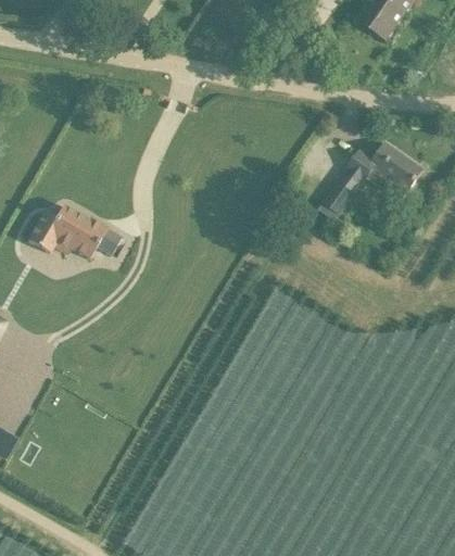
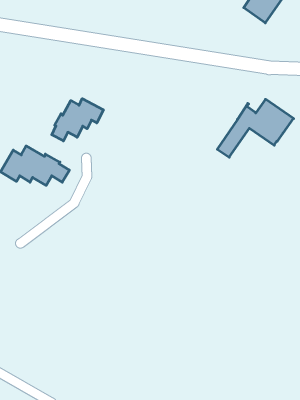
building: none -> [52,99,103,141]

